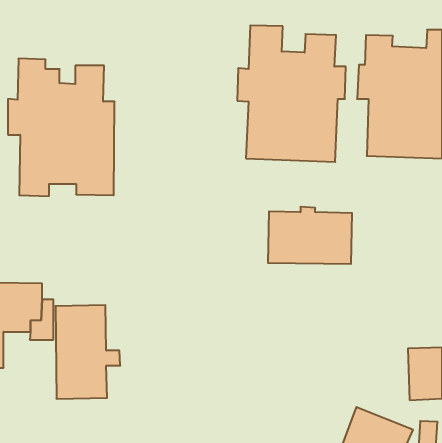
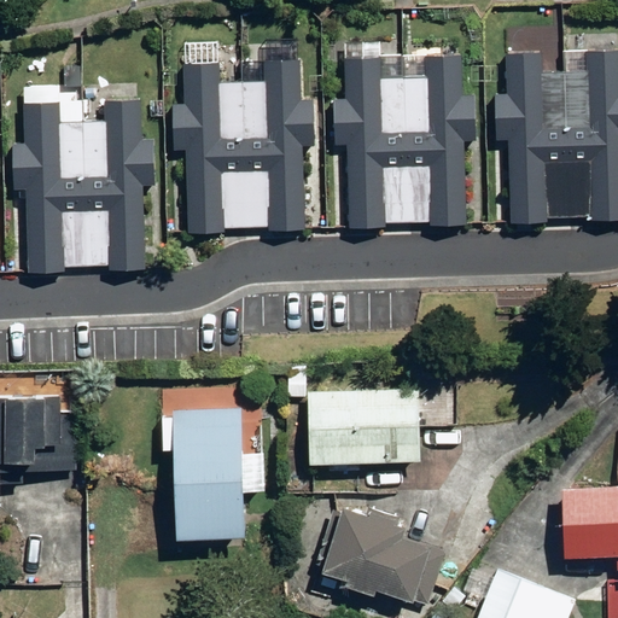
building: none -> [170,48,315,237]
building: [268,207,352,264] -> [307,384,422,462]
building: [55,305,120,399] -> [179,403,268,532]
building: none -> [322,502,441,604]

